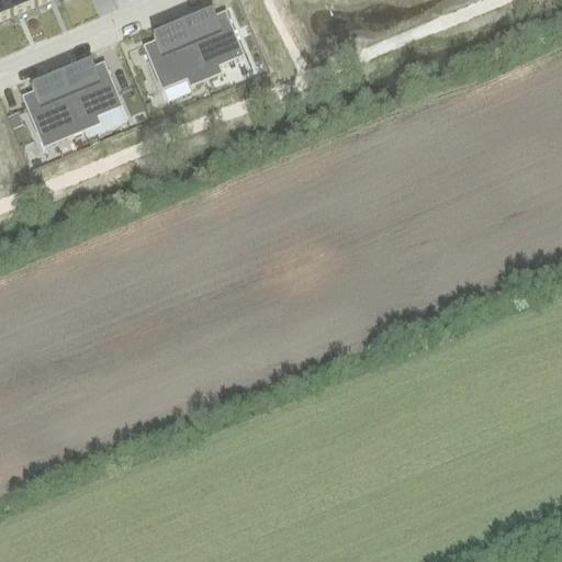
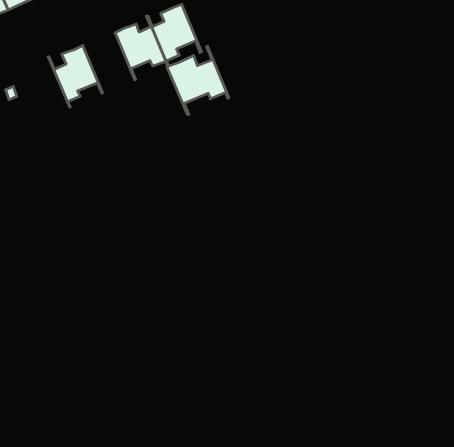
building: none -> [167,46,229,114]
building: [20,70,86,149] -> none

